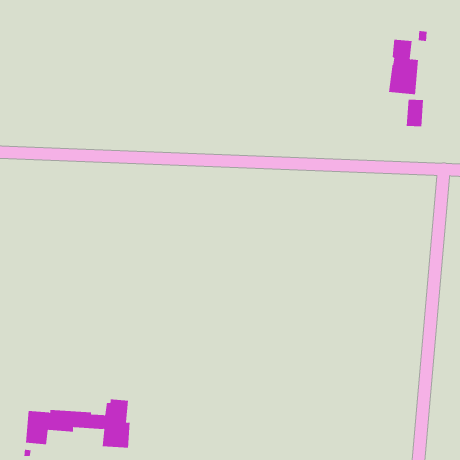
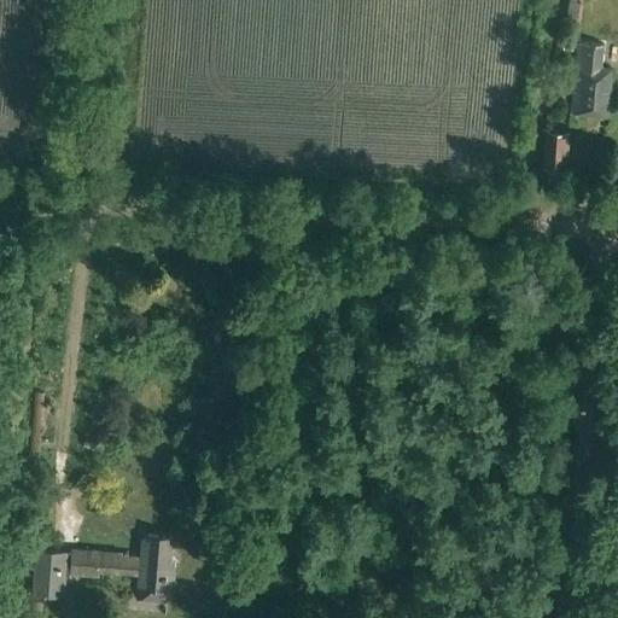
building: [388,39,419,95] -> [571,42,612,117]

